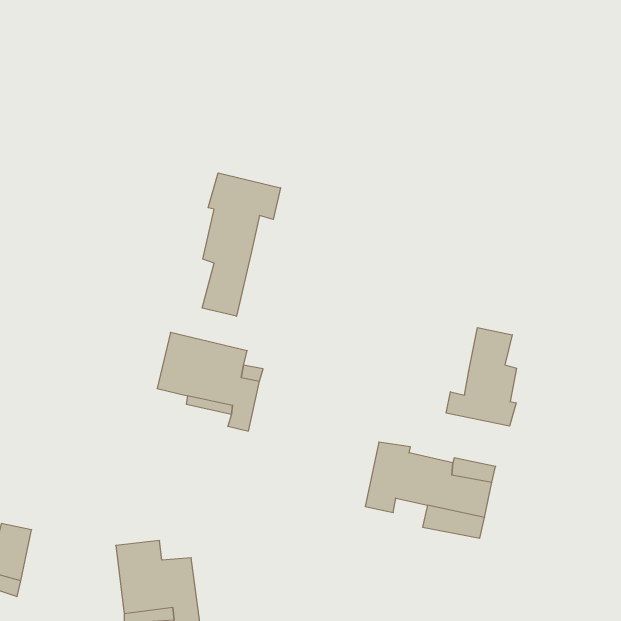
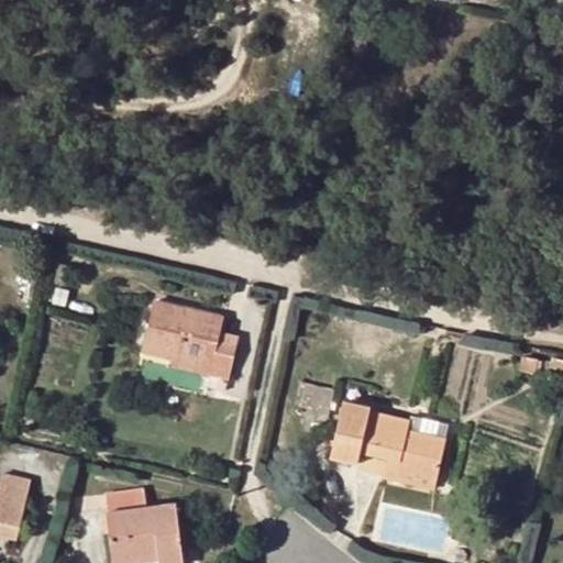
building: [202,173,281,316] -> none
building: [446,328,516,426] -> none

